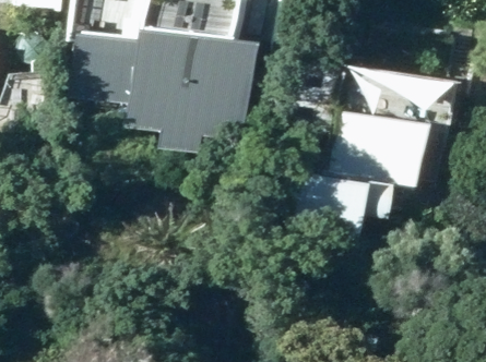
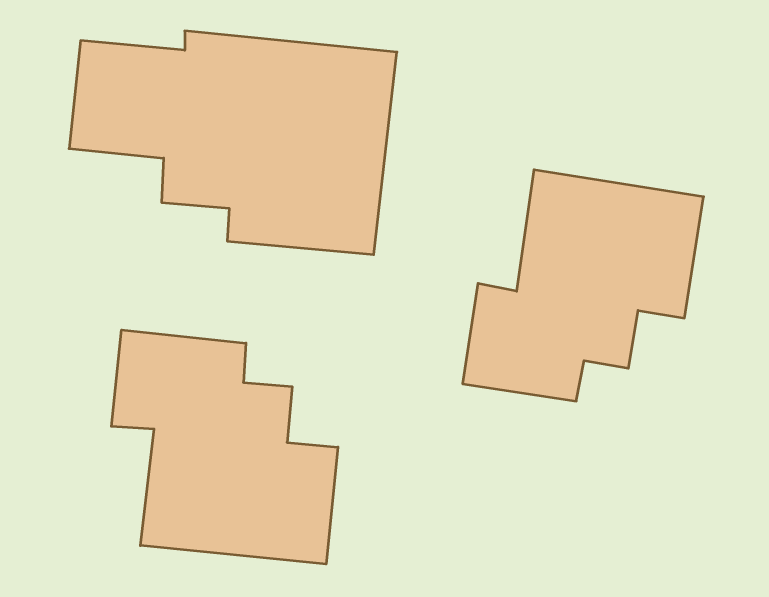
building: none -> [111,330,338,564]

